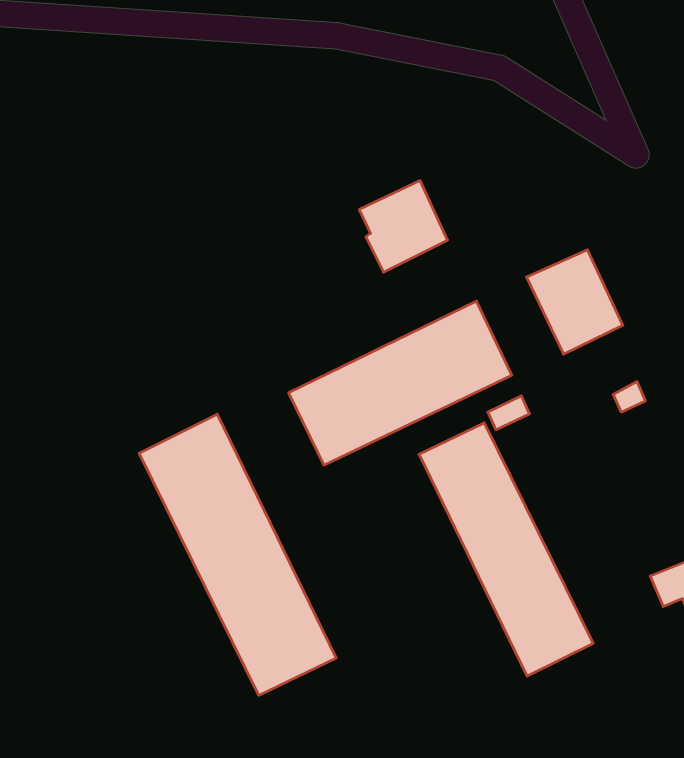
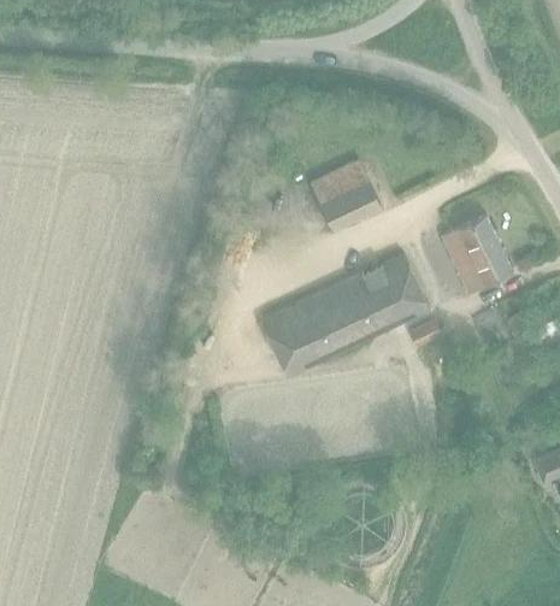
building: [139,414,336,695] -> none
building: [419,423,593,676] -> none

